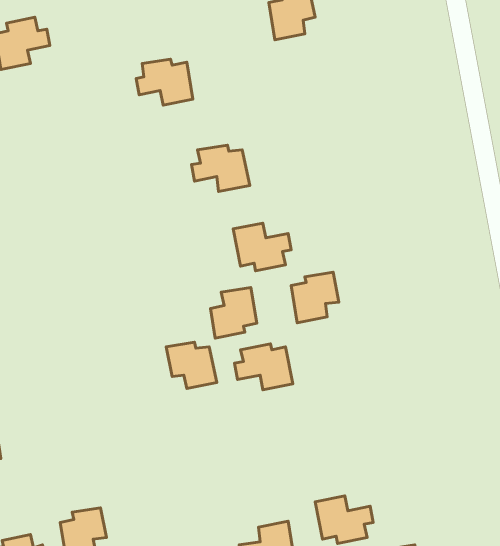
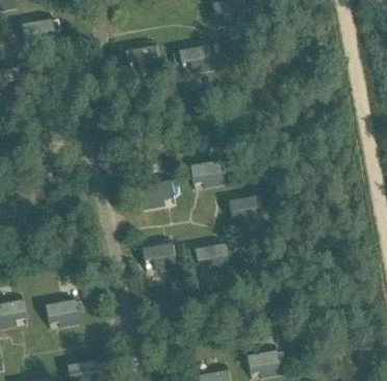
building: [192,145,250,191] -> [174,42,214,74]
building: [211,288,257,338] -> [141,174,174,210]
building: none -> [44,295,84,328]

